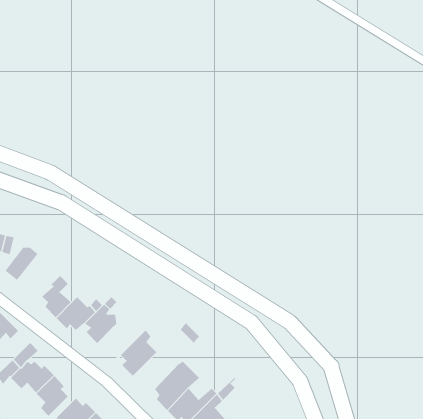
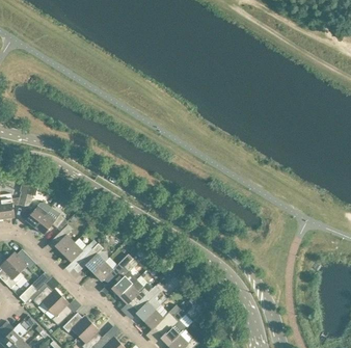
building: none -> [34,208,66,235]
building: none -> [92,255,132,284]
building: none -> [118,279,152,306]

